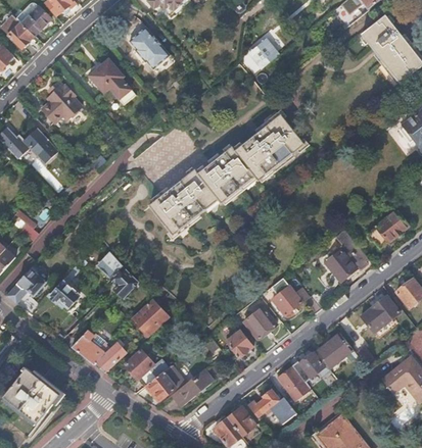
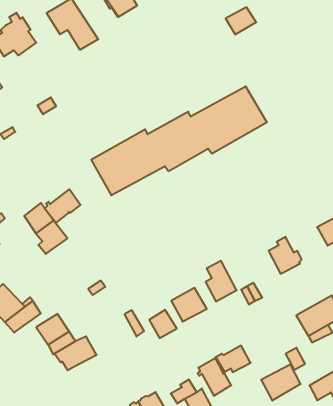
building: none -> [45,189,80,223]
building: [132,295,168,334] -> none
building: [316,333,353,368] -> [261,364,301,401]
building: [171,368,213,406] -> none

